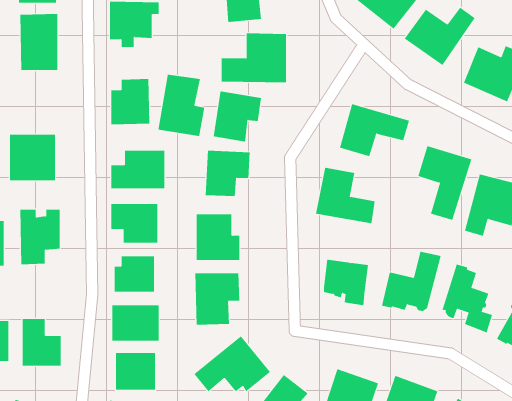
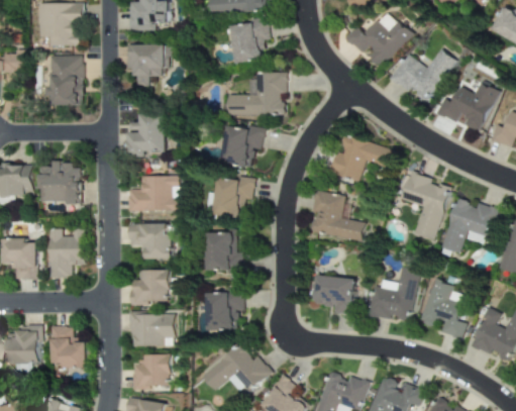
building: [158,74,205,137] -> none

